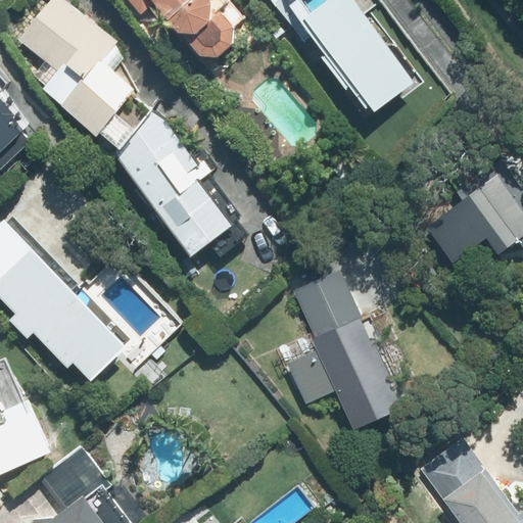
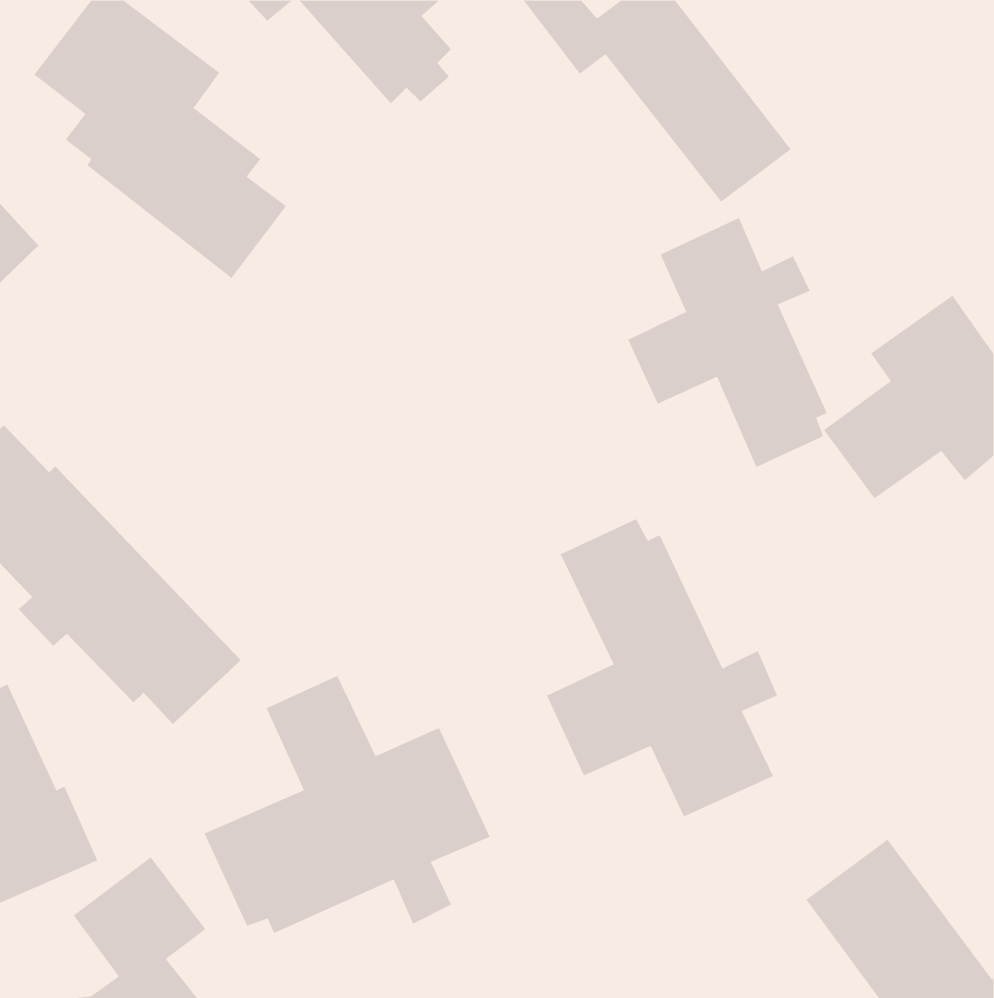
building: none -> [628,217,828,468]
building: [115,120,235,255] -> none
building: none -> [204,675,490,934]

